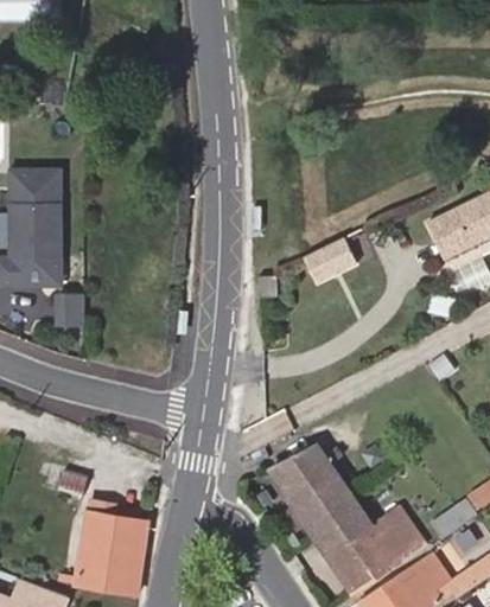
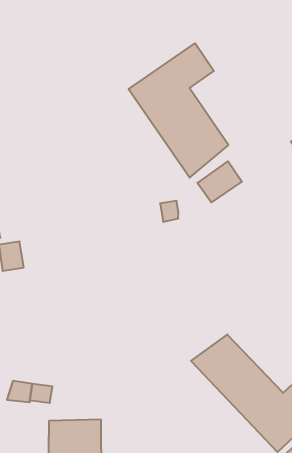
building: none -> [129,43,228,178]

